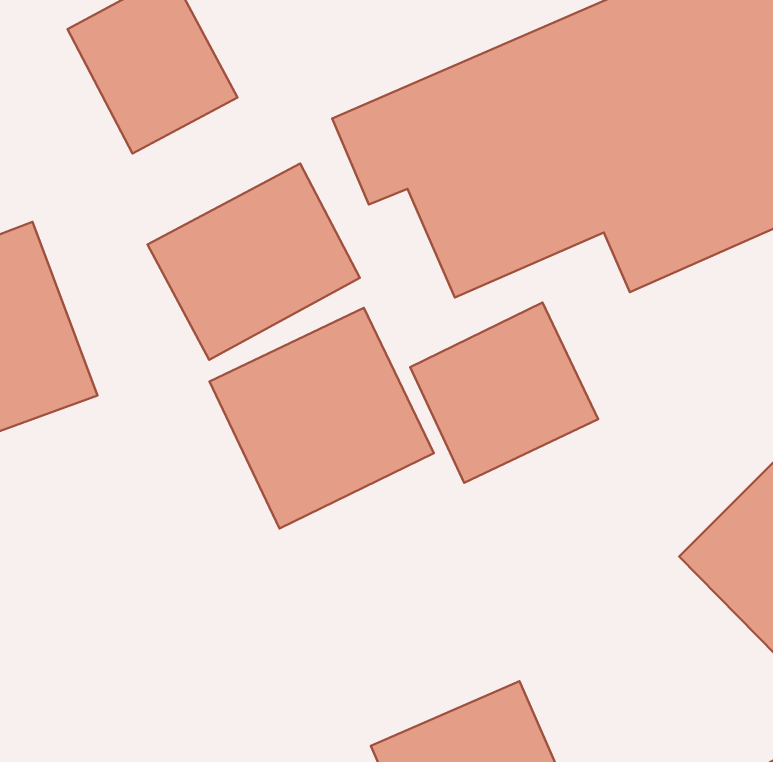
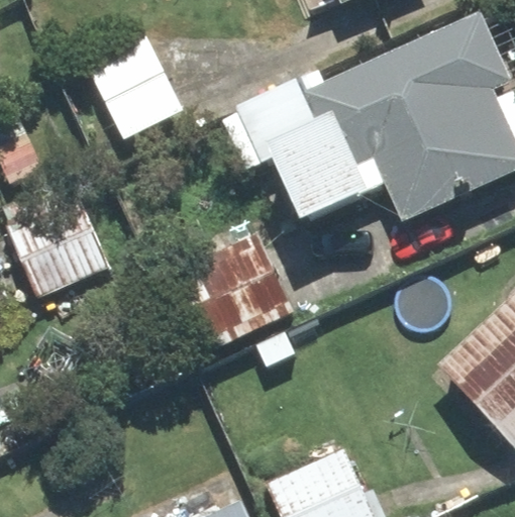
building: [148,163,360,360] -> none
building: [410,303,598,483] -> none

